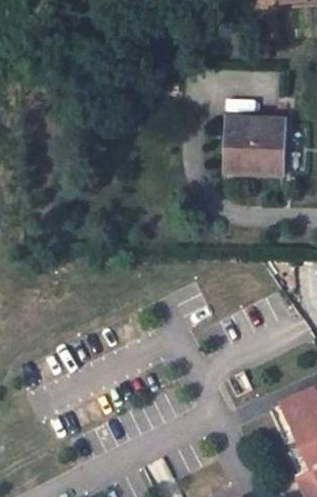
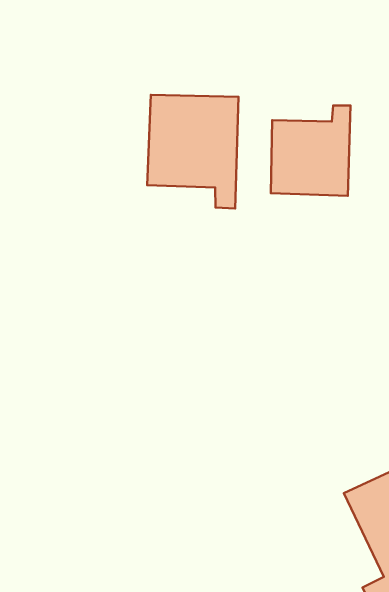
building: none -> [147,95,239,209]

